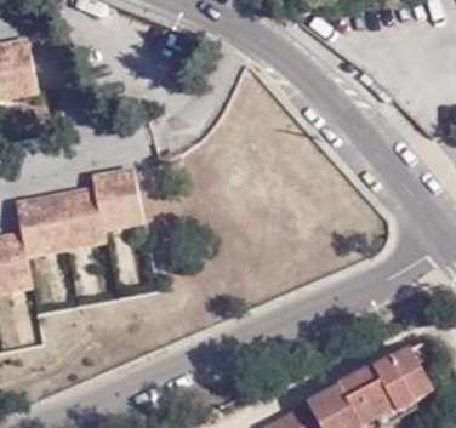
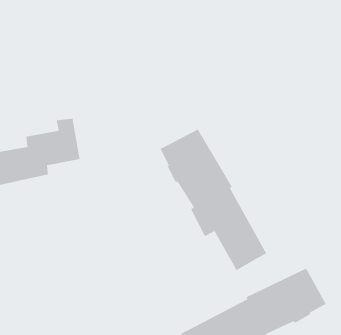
building: none -> [159,128,267,271]

